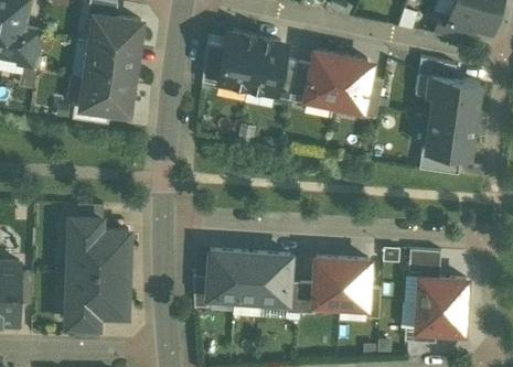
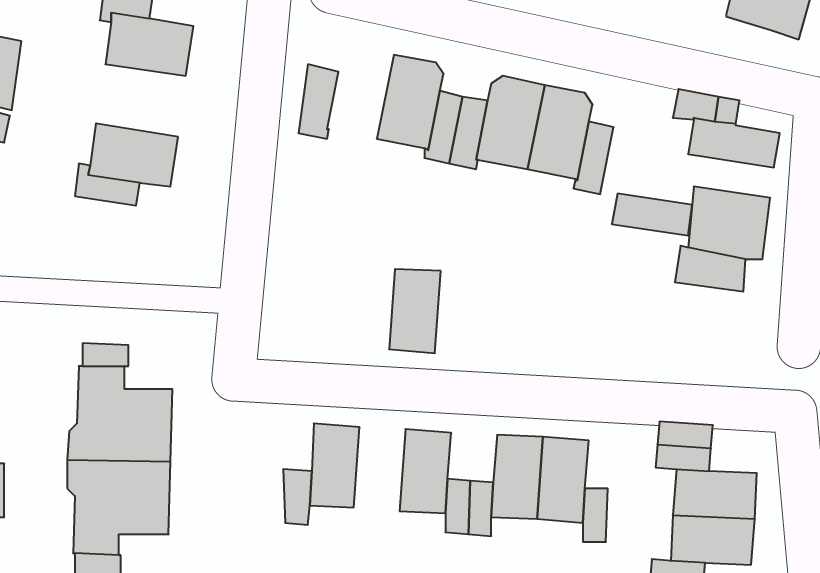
building: [435,13,473,41] -> none
building: [217,34,256,87] -> none
building: [84,44,136,86] -> none
building: [429,97,475,121] -> [612,194,692,236]
building: [233,253,263,302] -> [389,269,441,353]

